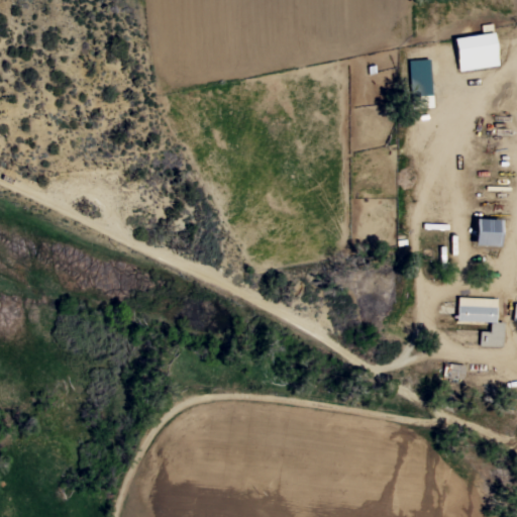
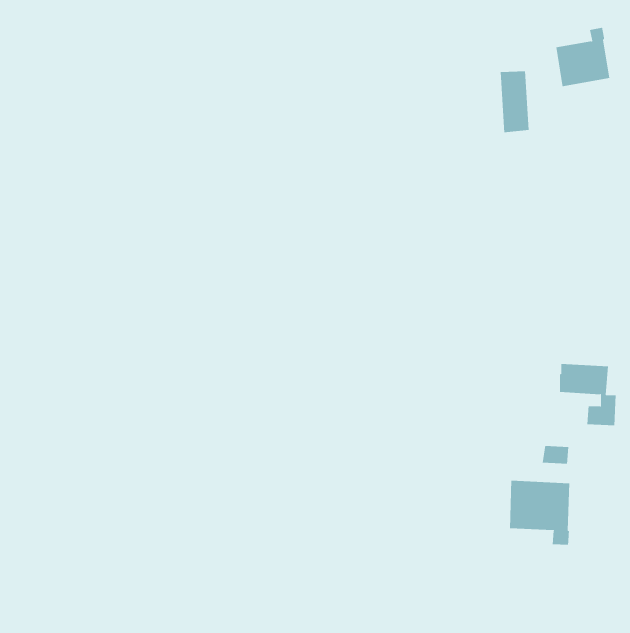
building: [475,218,502,245] -> none
building: none -> [510,480,570,546]

